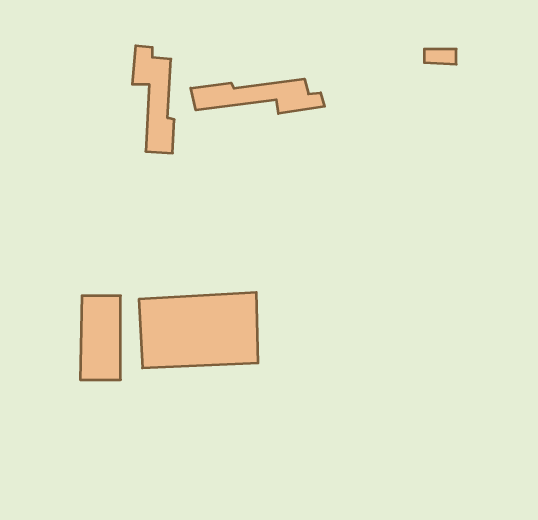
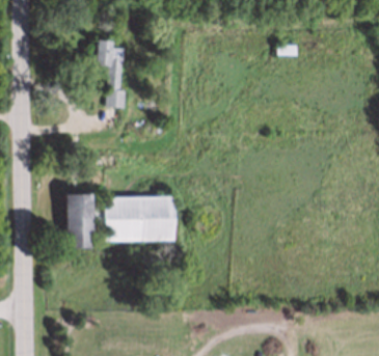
building: [191,79,325,114] -> none

